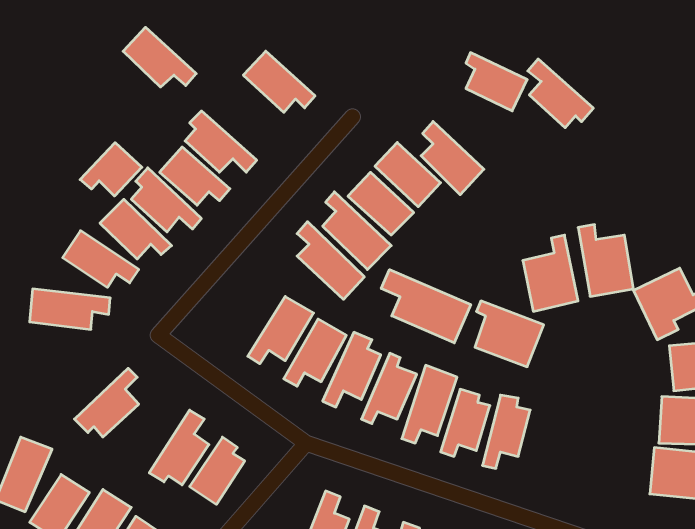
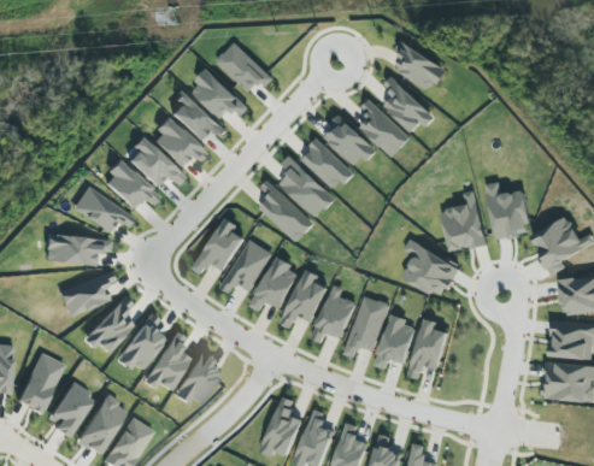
building: [123,27,196,87] -> [189,70,248,118]
building: [528,59,593,128] -> [382,77,435,132]
building: [80,143,142,196] -> none
building: none -> [192,218,245,275]
building: [381,270,471,343] -> none
building: none -> [57,270,112,317]
building: none -> [113,313,161,370]

